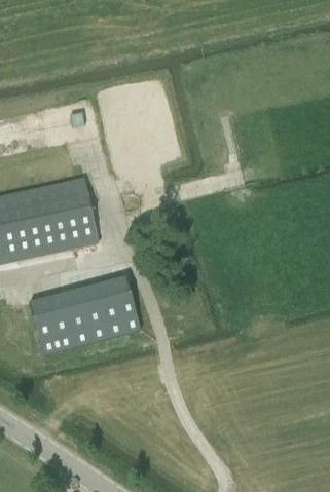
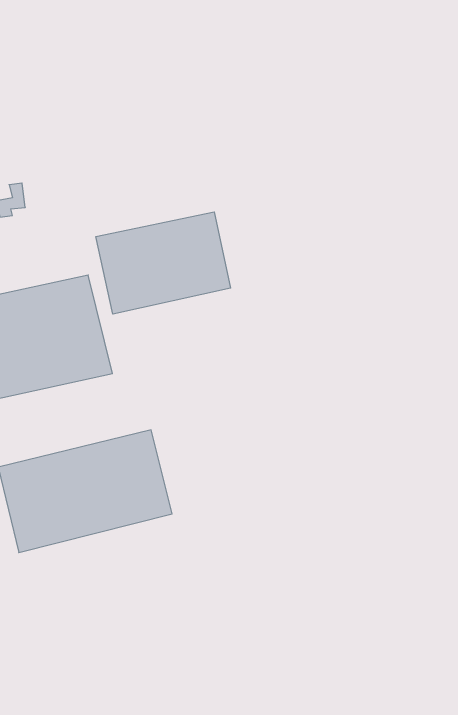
building: none -> [96,212,231,314]

